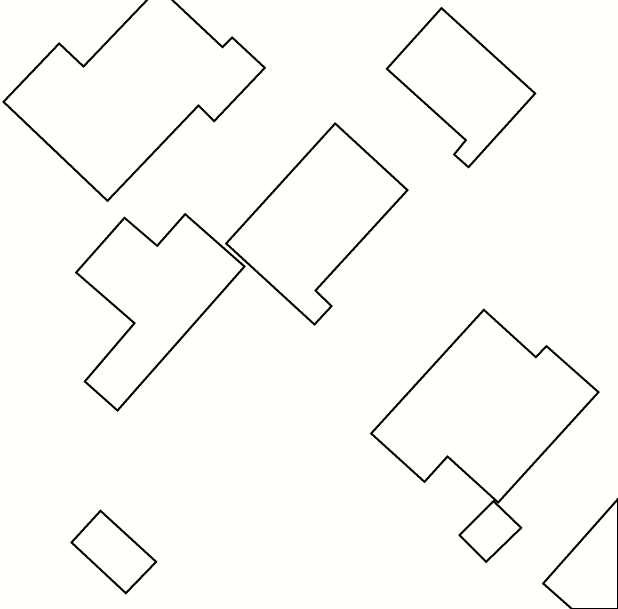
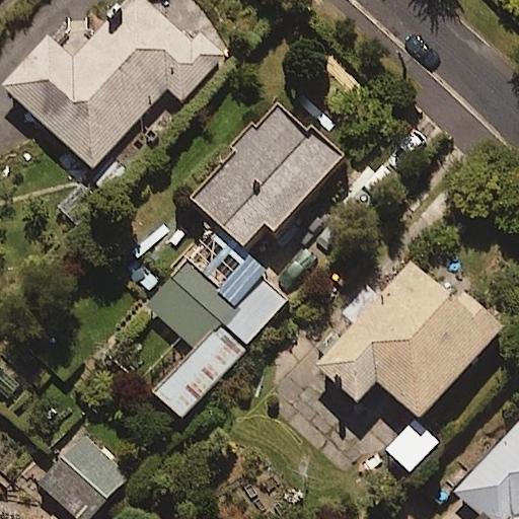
building: [387,8,535,167] -> none
building: [76,214,244,410] -> [146,254,287,419]

